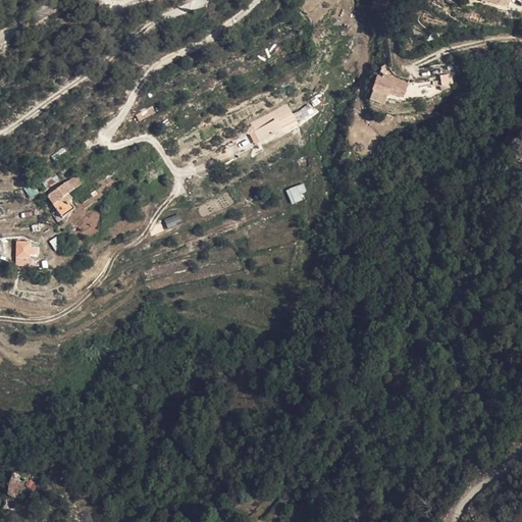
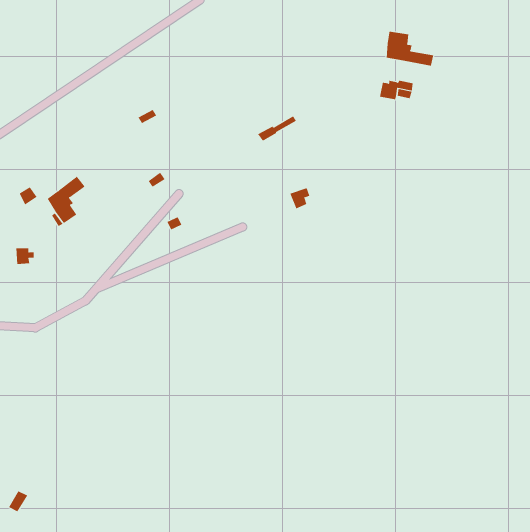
building: none -> [386,31,434,67]

